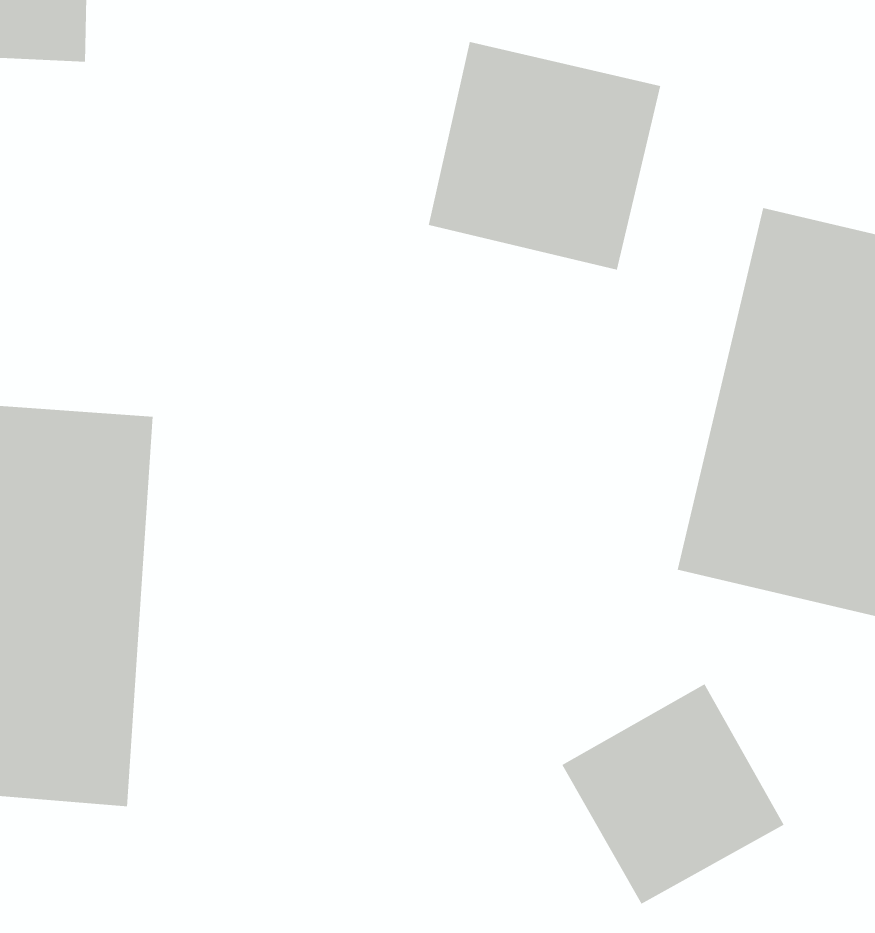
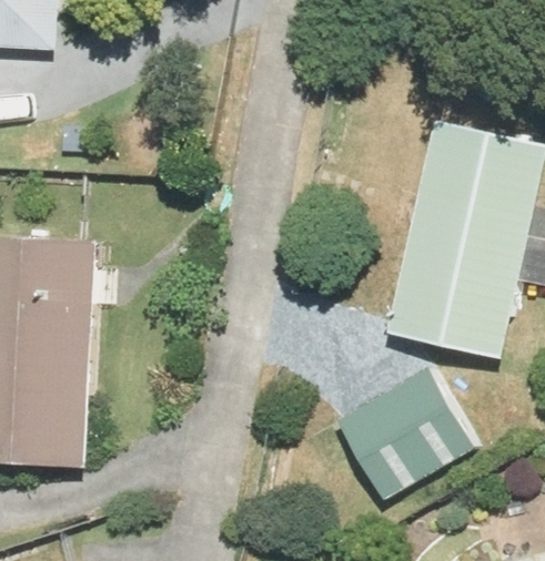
building: [428,41,661,270] -> none

